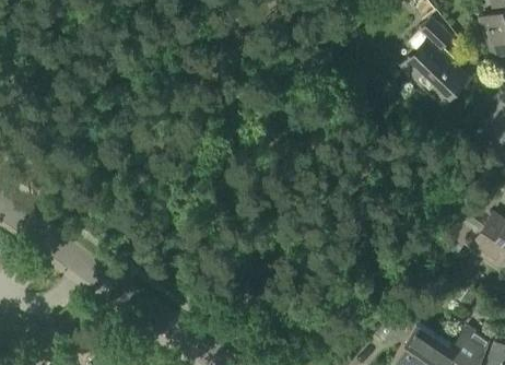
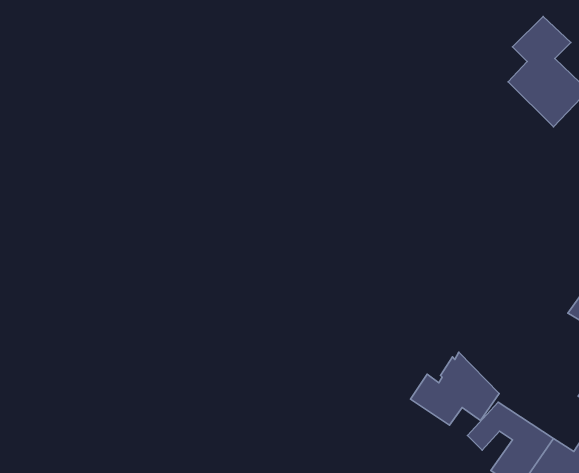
building: none -> [410,352,499,425]

